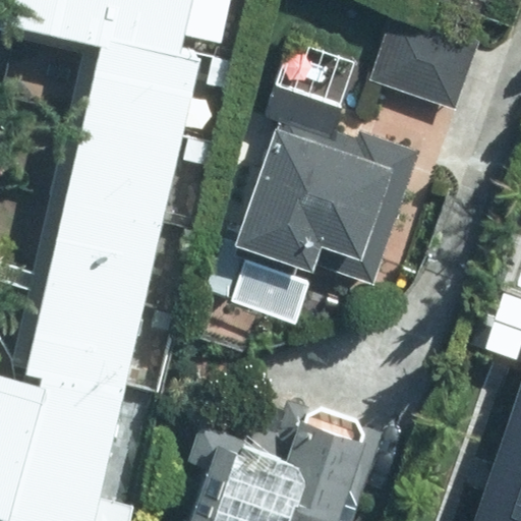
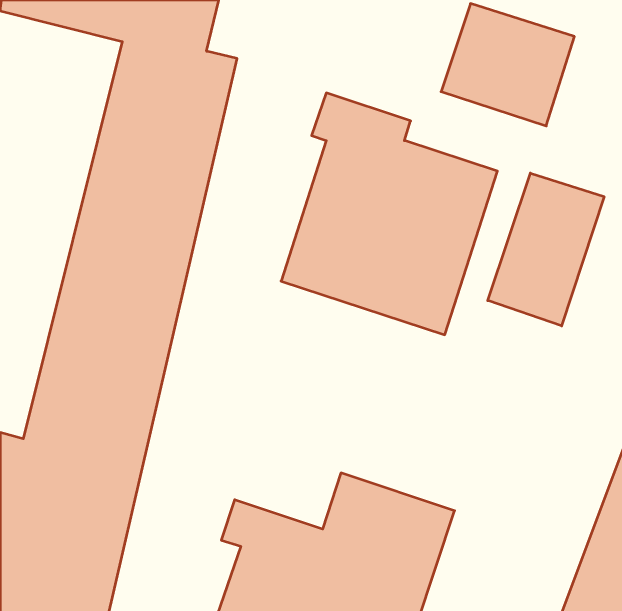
building: none -> [488,173,604,326]

